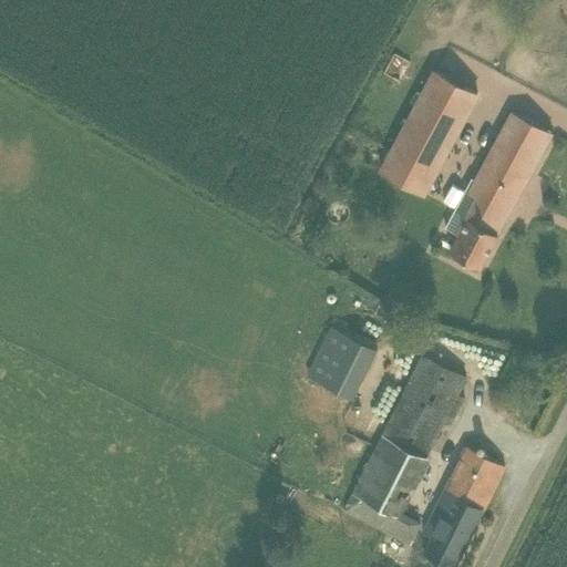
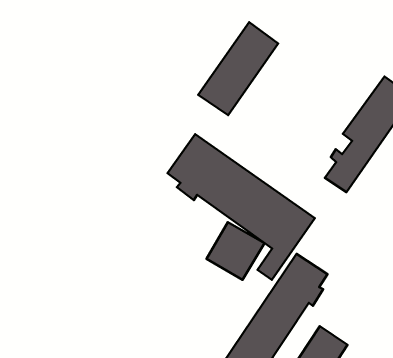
building: [379,73,475,197] -> [198,22,278,115]
building: none -> [167,134,315,280]

